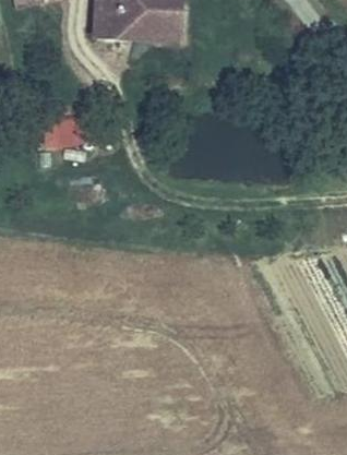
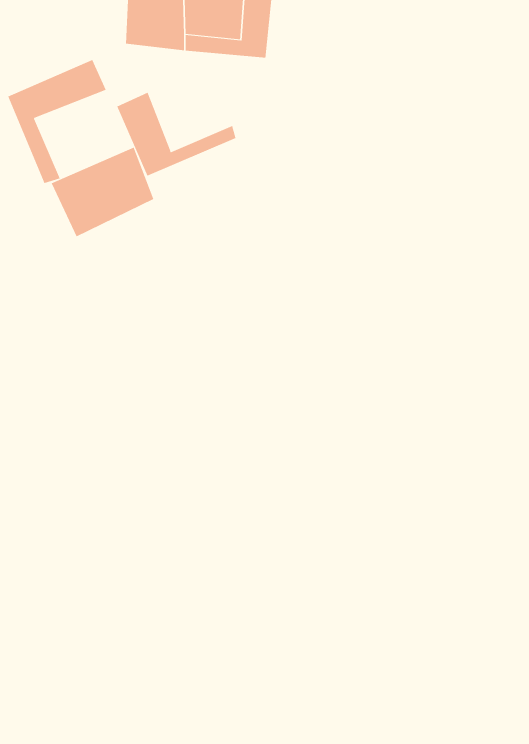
building: none -> [7,59,107,184]
building: none -> [117,92,236,176]

